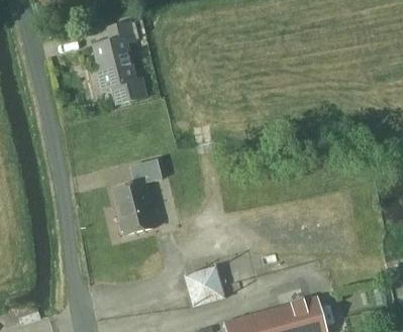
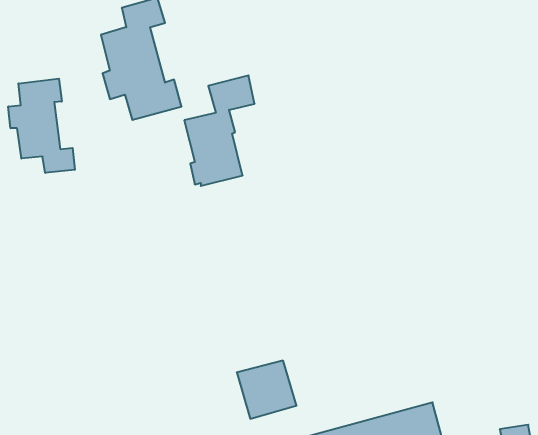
building: none -> [8,79,75,173]
building: [114,160,162,235] -> [184,75,255,186]

